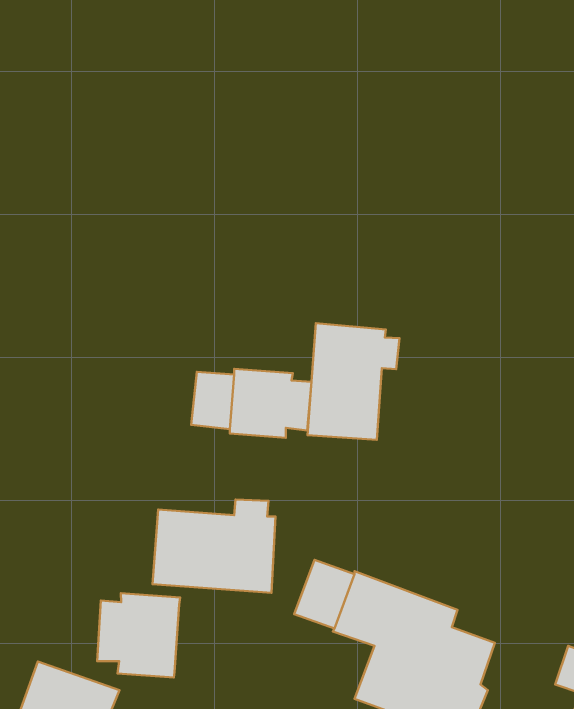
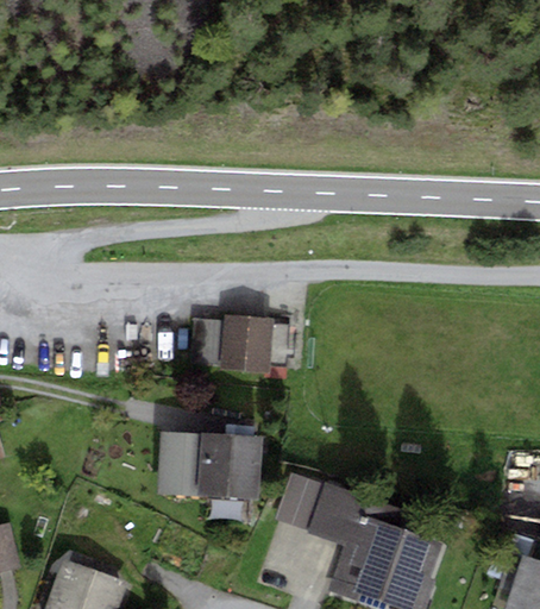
building: [308,323,399,440] -> none
building: [97,593,180,677] -> none

